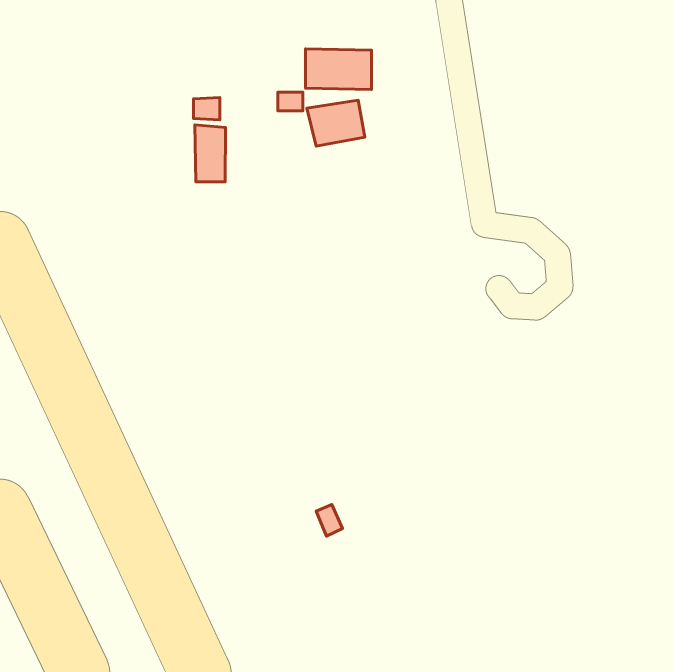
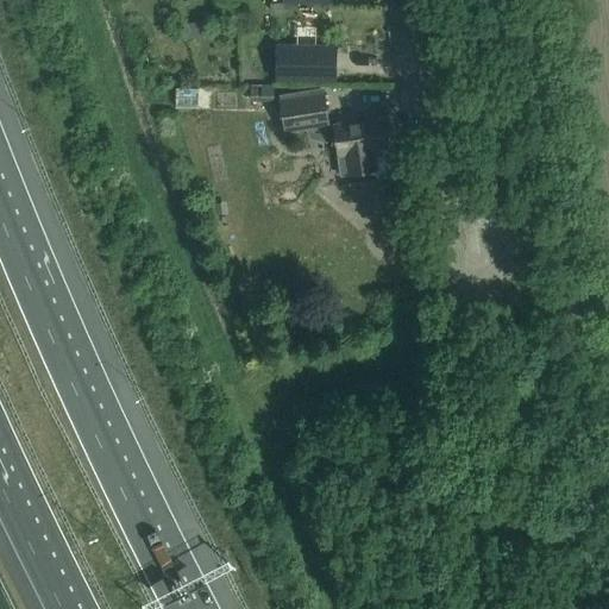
building: [195,125,226,182] -> none
building: none -> [333,118,388,174]

